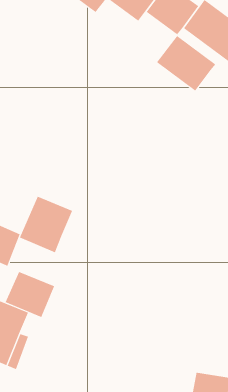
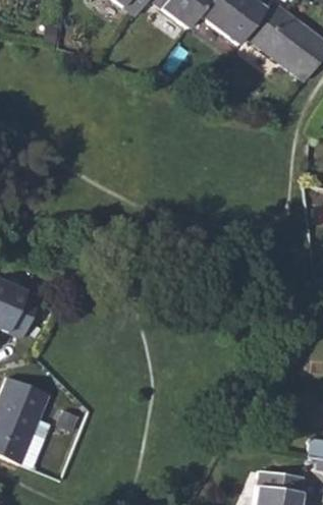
building: [156,35,216,92] -> none
building: [19,196,73,253] -> none
building: [5,271,55,318] -> none

